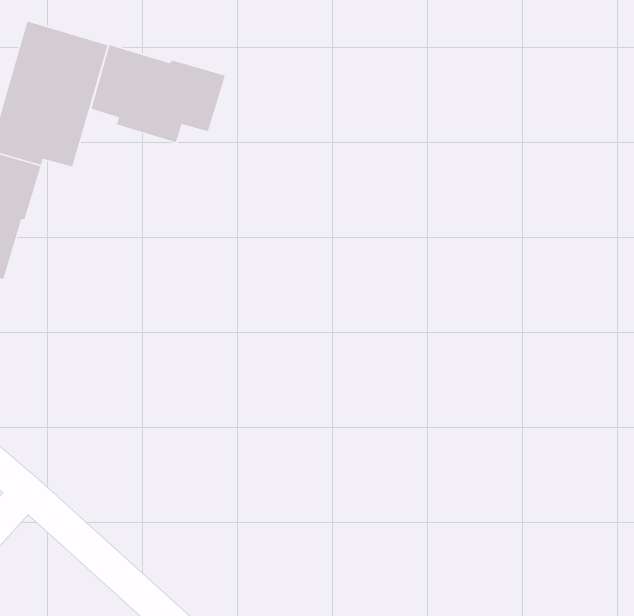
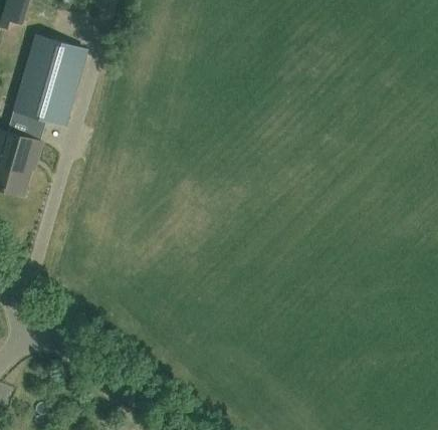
building: [90,44,226,143] -> none

